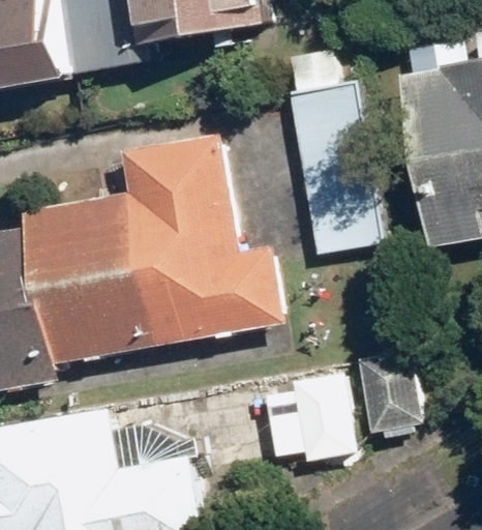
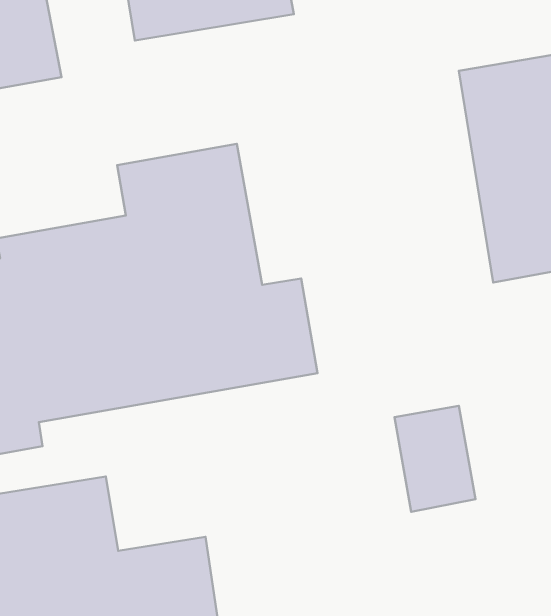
building: [282,84,371,252] -> none
building: [257,369,352,460] -> none

